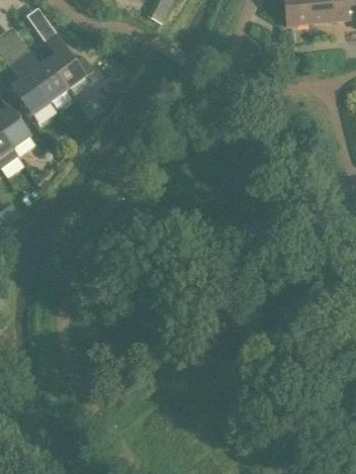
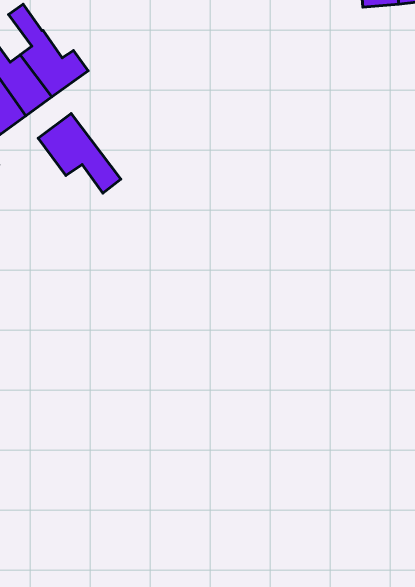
building: none -> [38,114,121,193]

